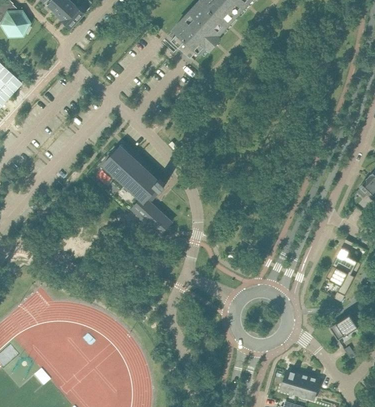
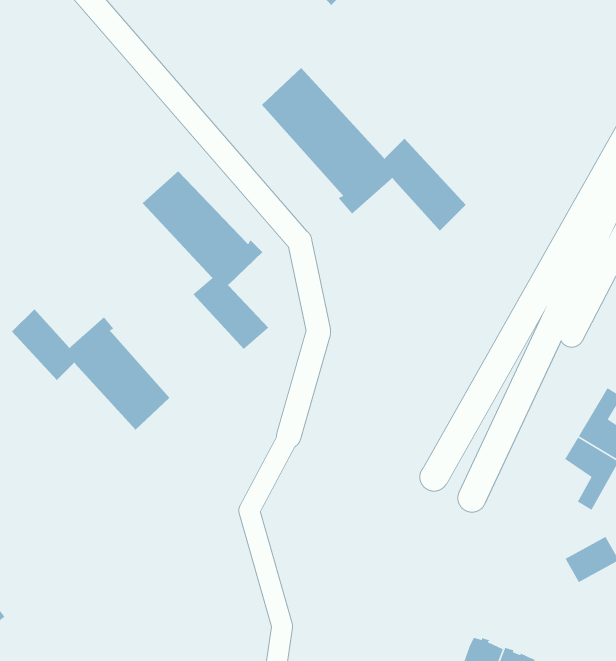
building: none -> [261,67,466,231]
building: none -> [11,308,170,430]

